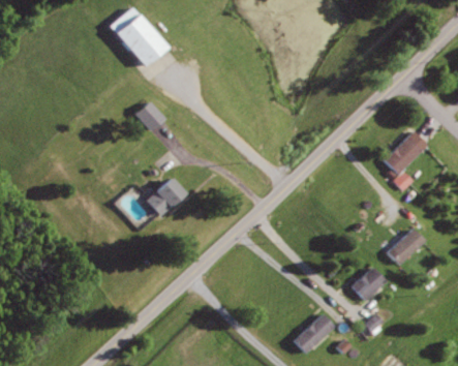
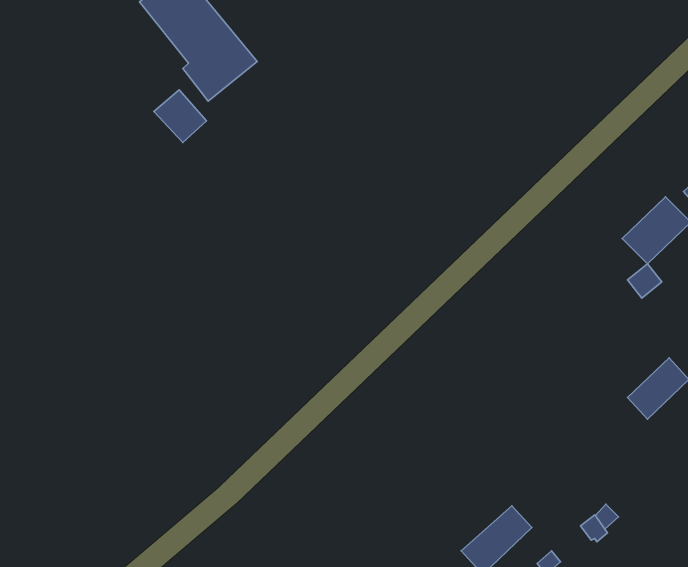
building: [135,101,165,131] -> [154,90,206,142]
building: [146,178,185,215] -> none
building: [352,266,385,299] -> none

